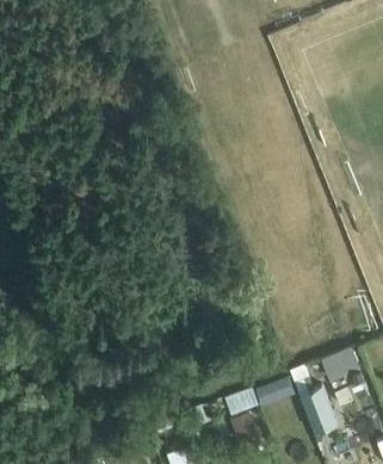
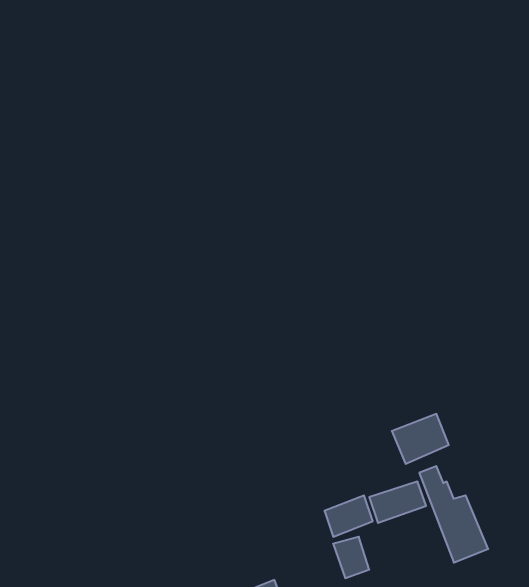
building: [321,348,360,383] -> [392,414,449,464]

